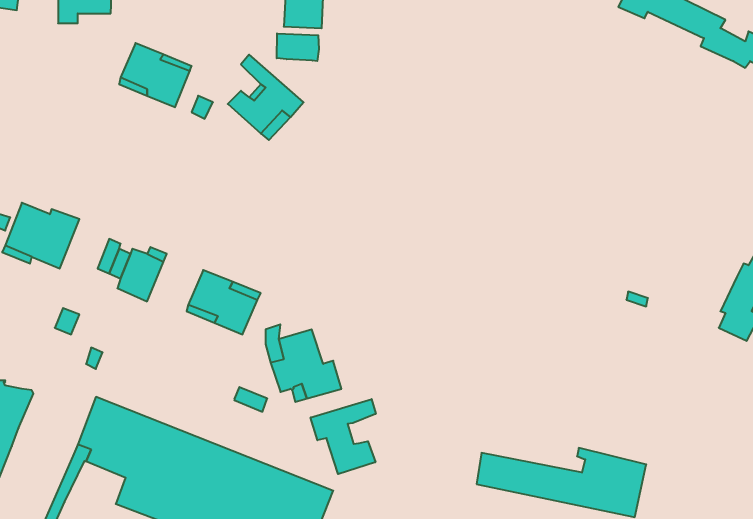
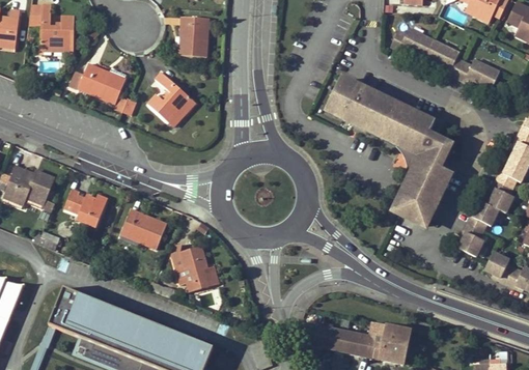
building: [277,33,319,61] -> none
building: none -> [326,73,450,220]
building: [311,399,376,474] -> none

